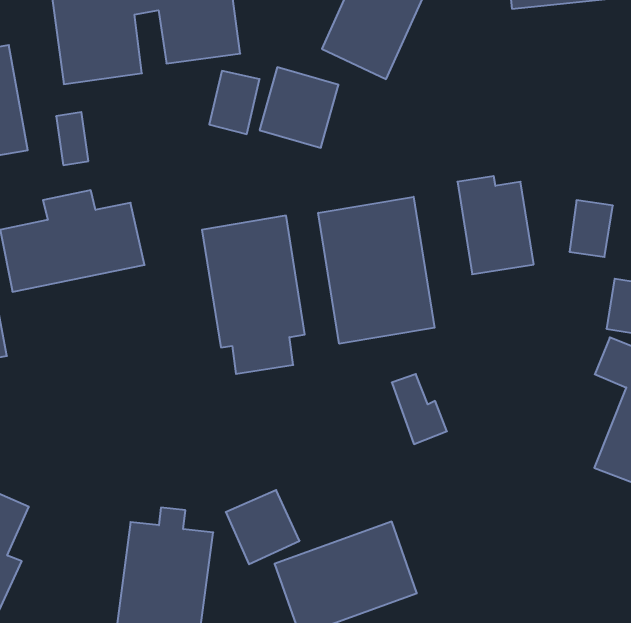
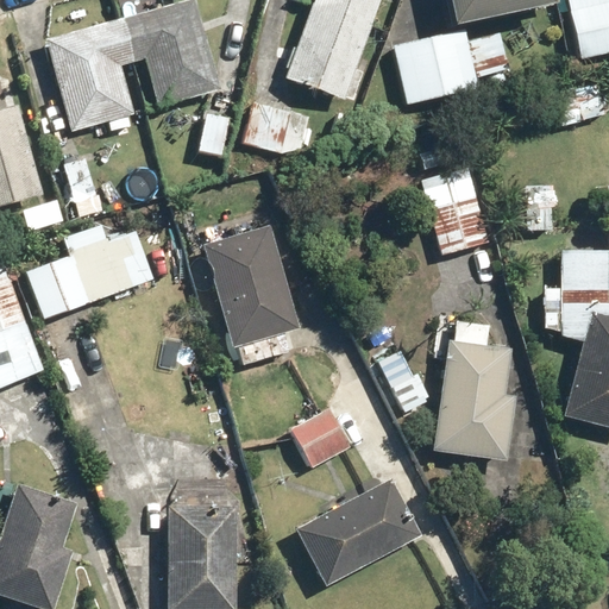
building: none -> [393,31,507,105]
building: [318,197,435,344] -> none
building: none -> [434,325,508,456]
building: [226,490,300,564] -> [287,404,353,471]

